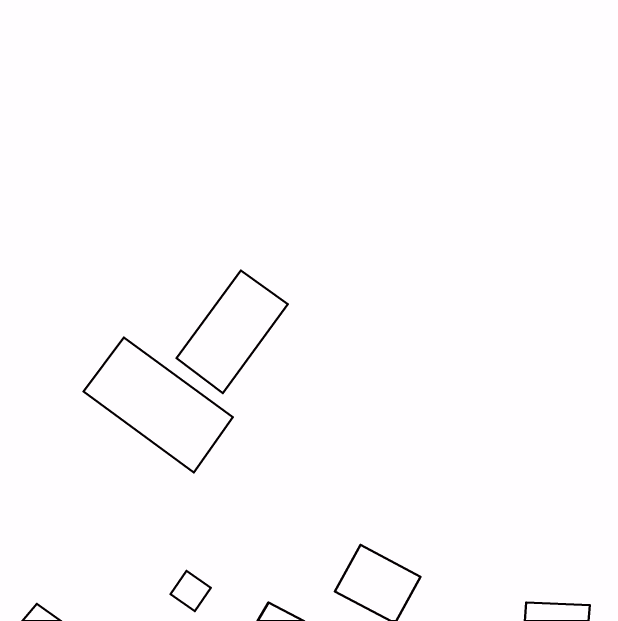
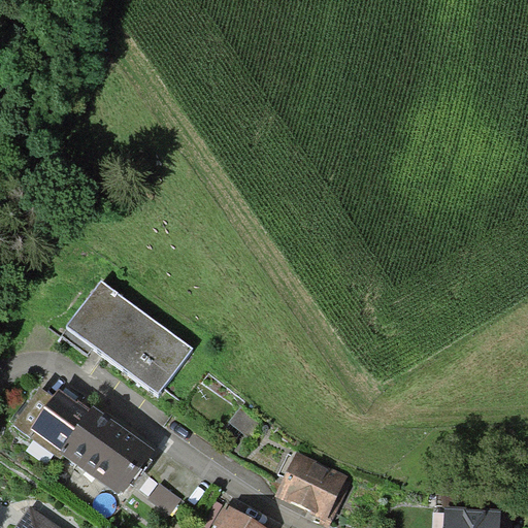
building: [177,271,288,393] -> none
building: none -> [13,388,145,486]

